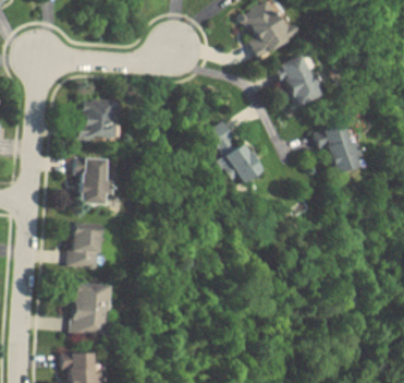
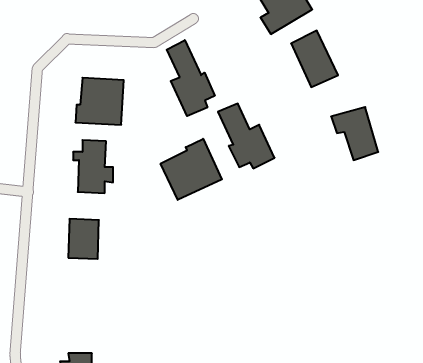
building: none -> [167,40,215,116]
building: none -> [161,139,222,200]
building: [73,282,109,335] -> none

